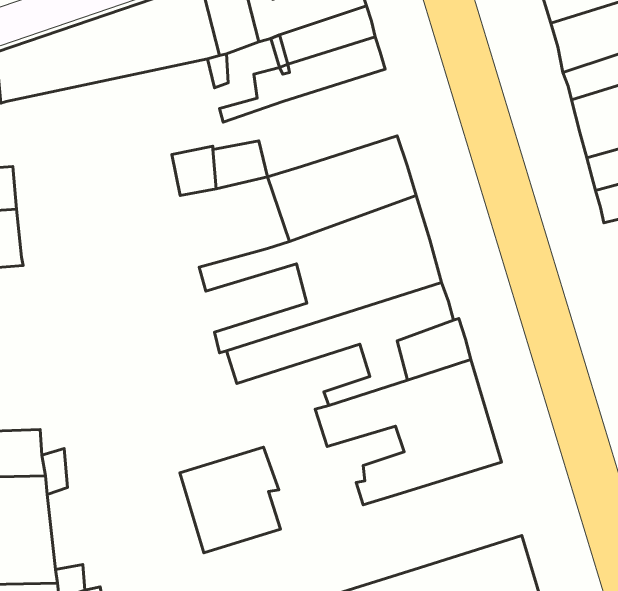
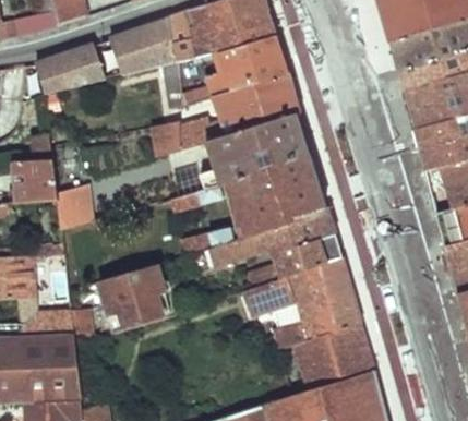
building: none -> [223,75,301,137]
building: none -> [56,187,91,233]
building: [180,447,281,553] -> [98,266,163,334]
building: none -> [296,326,375,394]

